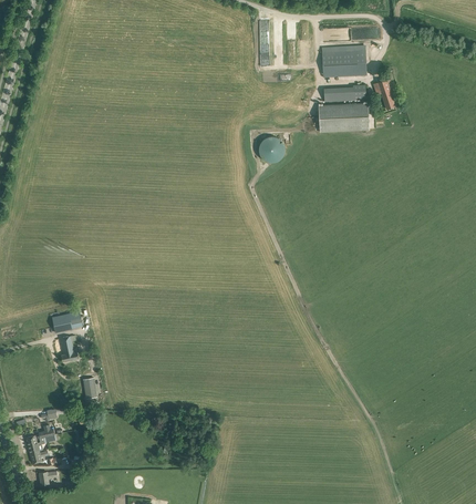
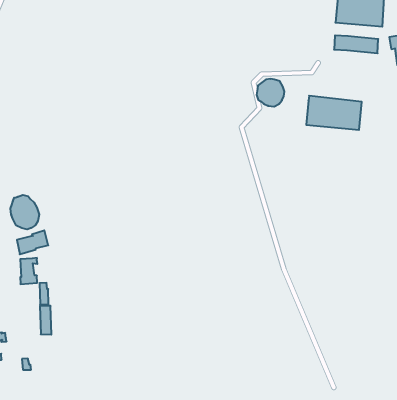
building: [319,103,370,132] -> [306,96,362,130]
building: none -> [10,195,39,229]

